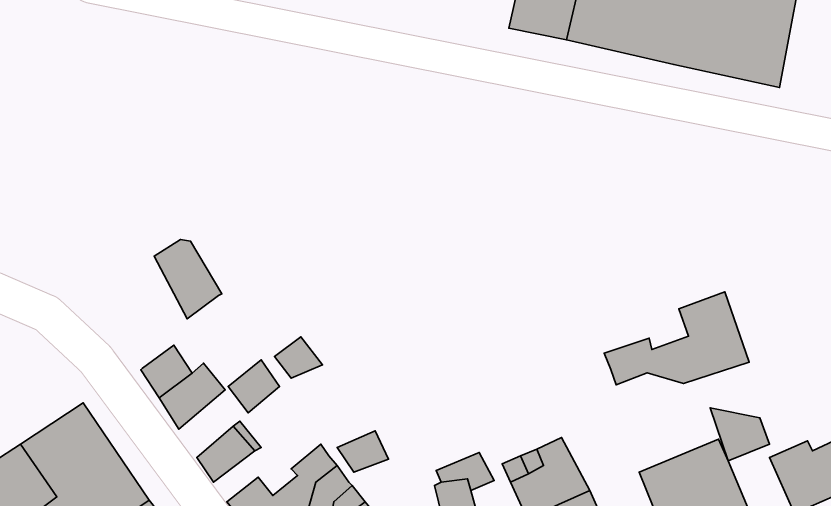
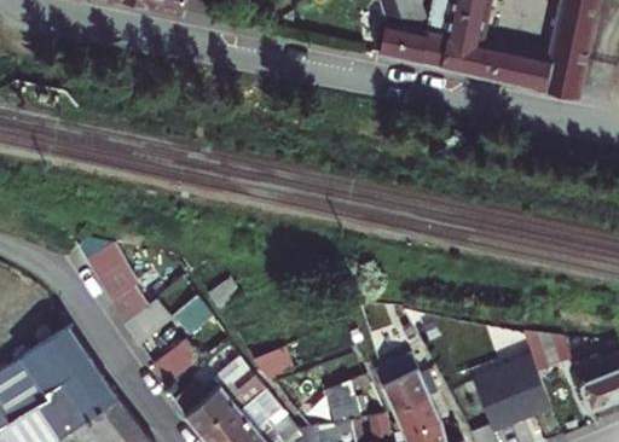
building: [154,239,222,319] -> [87,244,137,302]
building: [604,292,749,385] -> none

